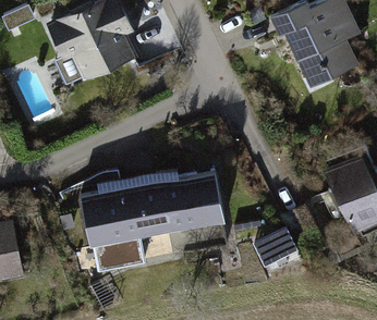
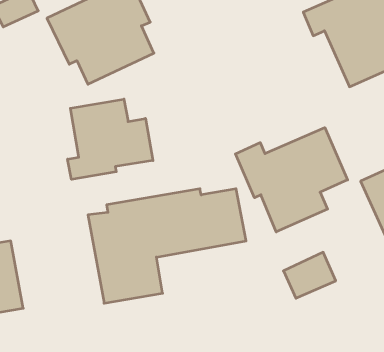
building: none -> [68,99,153,179]
building: none -> [235,128,348,232]

